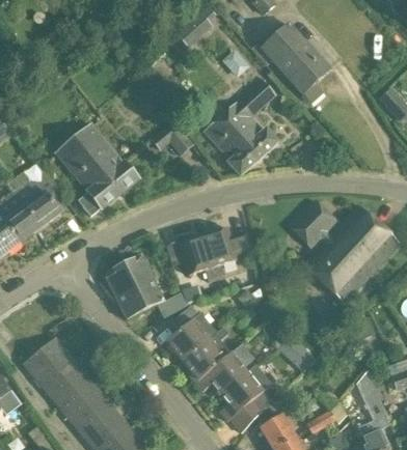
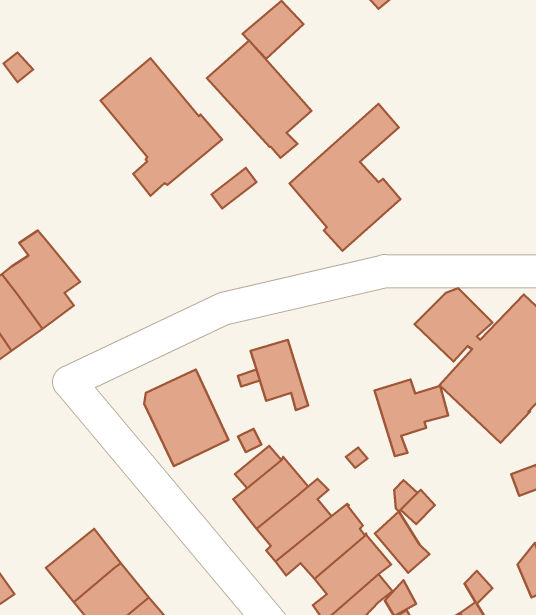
building: [261,23,330,101] -> [207,41,312,158]
building: [57,124,138,216] -> [100,58,222,196]
building: [204,227,252,278] -> [375,380,448,456]
building: [24,337,75,386] -> none
building: none -> [375,512,429,573]

